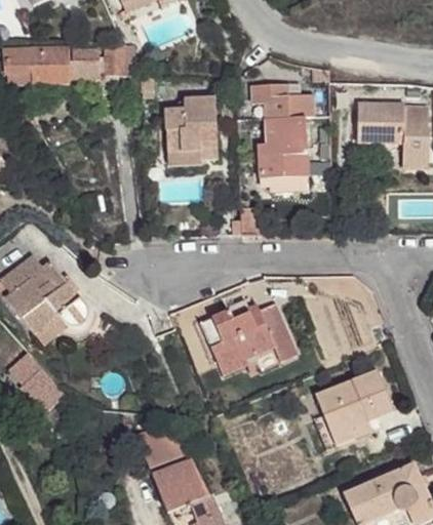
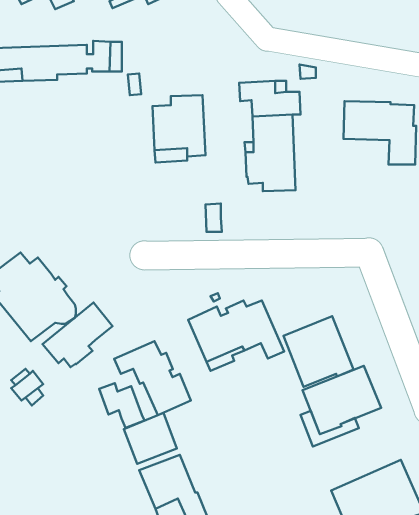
building: none -> [42,302,112,367]
building: none -> [284,316,354,387]
building: none -> [114,341,191,415]
building: none -> [99,383,145,428]

